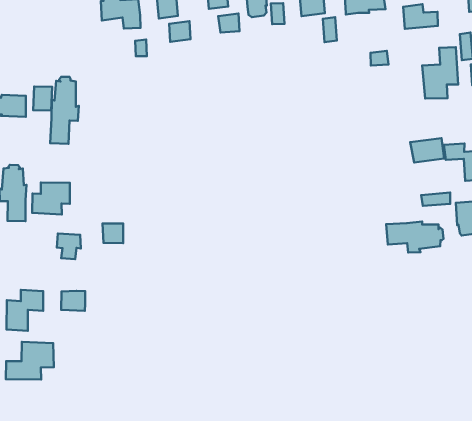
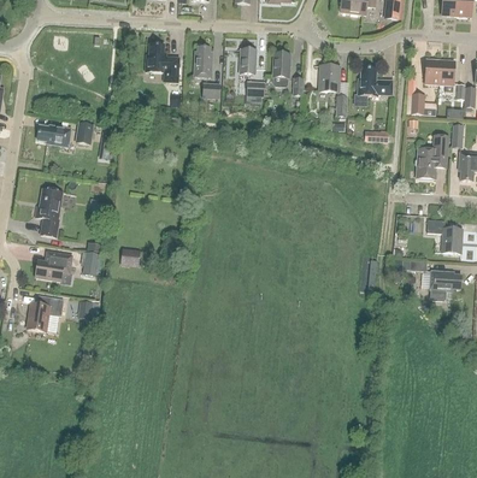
building: [50,77,79,144] -> none
building: [32,183,70,215] -> [35,250,71,281]
building: [386,221,443,252] -> none
building: [6,342,54,380] -> none

